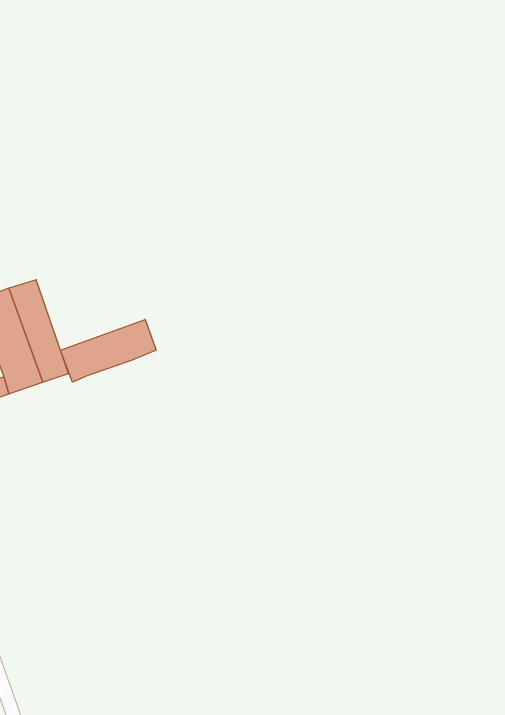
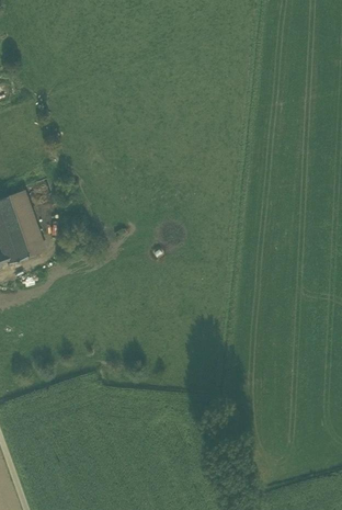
building: [61,319,156,382] -> none

